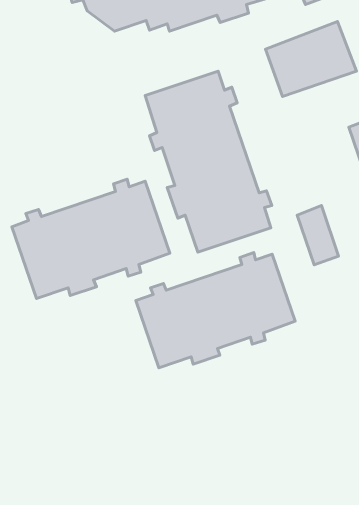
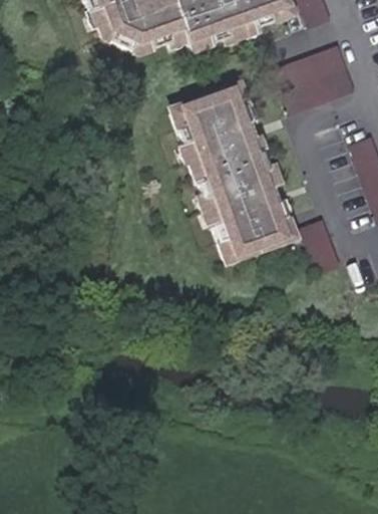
building: [12,179,170,299] -> none
building: [136,253,295,368] -> none

